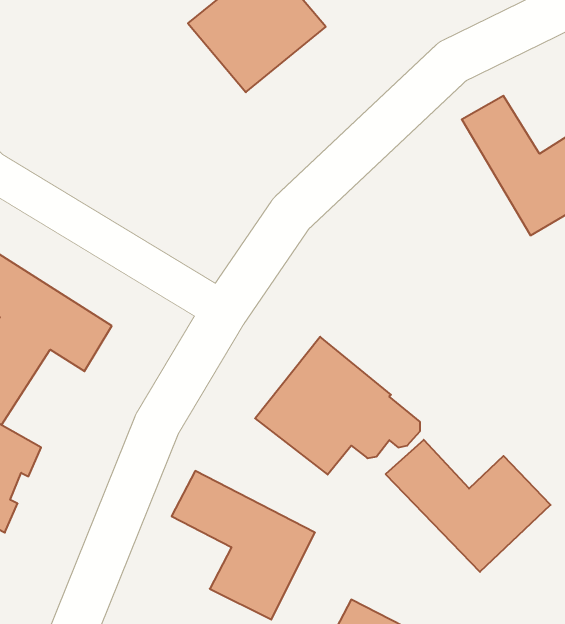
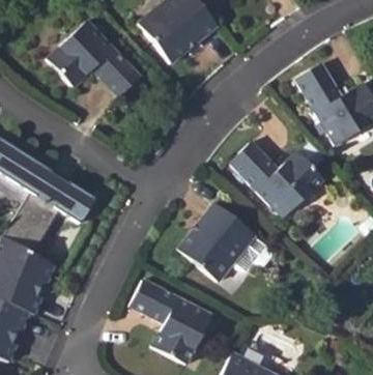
building: none -> [47,20,153,109]
building: [386,440,551,572] -> [229,141,323,217]

